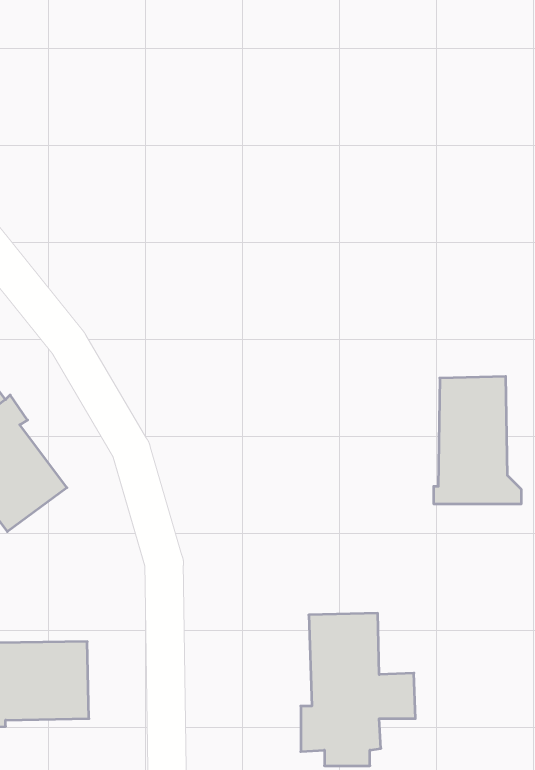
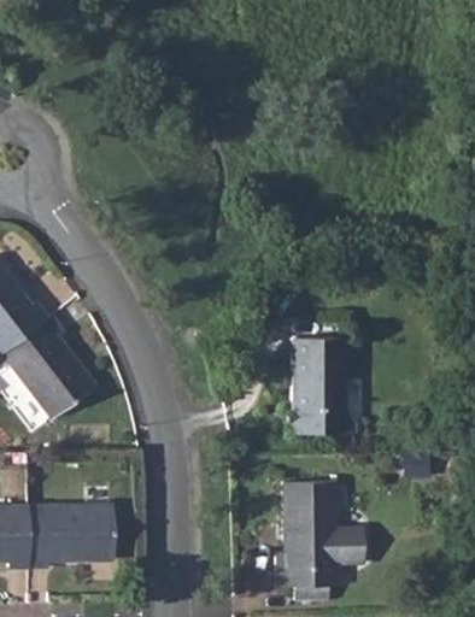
building: [434,376,521,504] -> [289,336,357,434]

